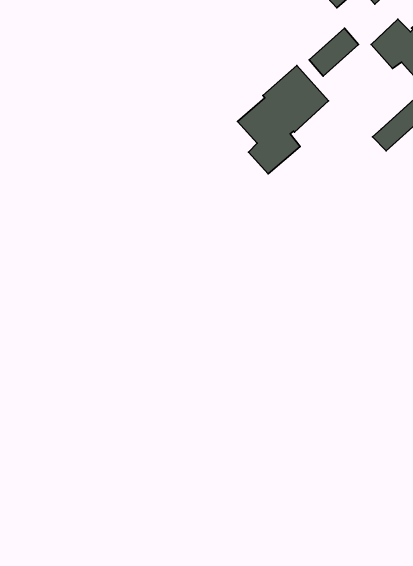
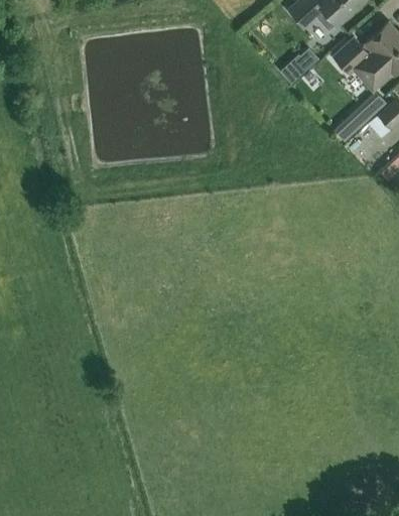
building: [237,65,329,174] -> none

